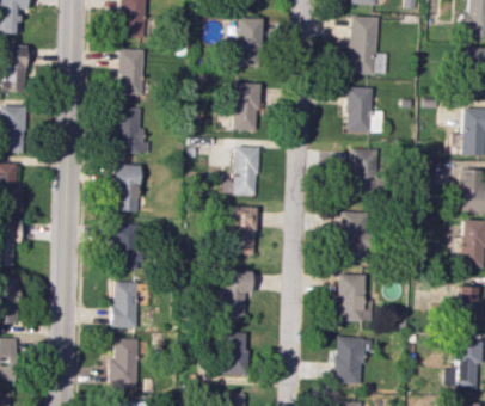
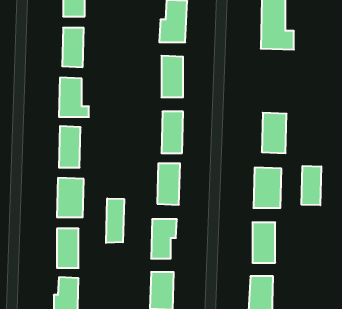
building: [348,87,372,133] -> none
building: none -> [302,166,321,205]
building: none -> [106,198,124,243]

